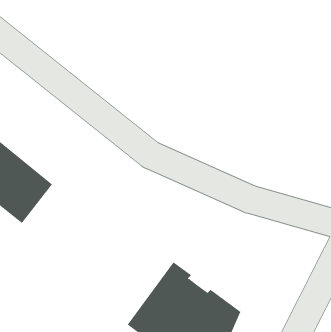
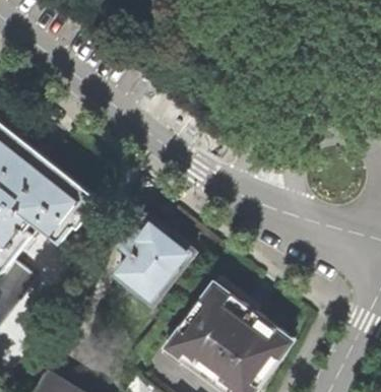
building: none -> [116,215,194,303]

